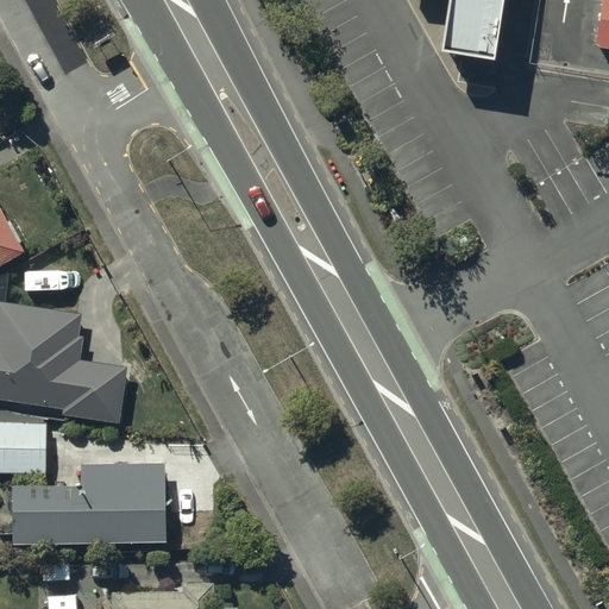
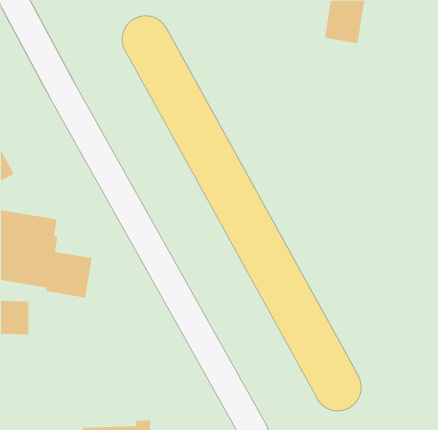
building: [13,464,161,541] -> none

